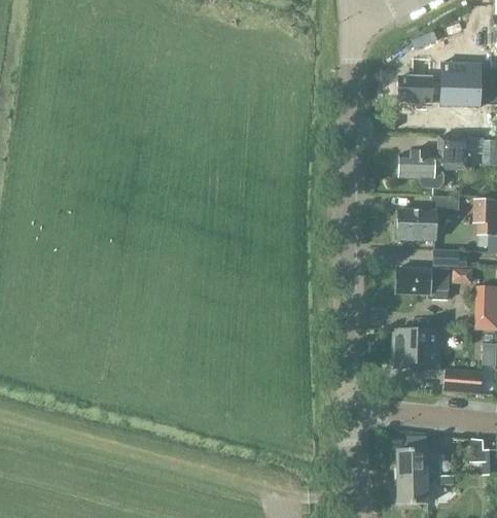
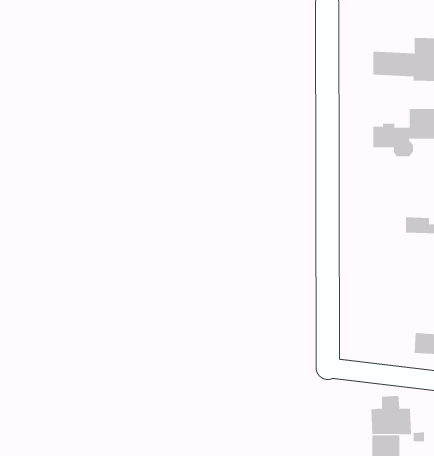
building: [398,198,457,240] -> none
building: [397,268,449,299] -> none
building: [392,330,440,370] -> none

